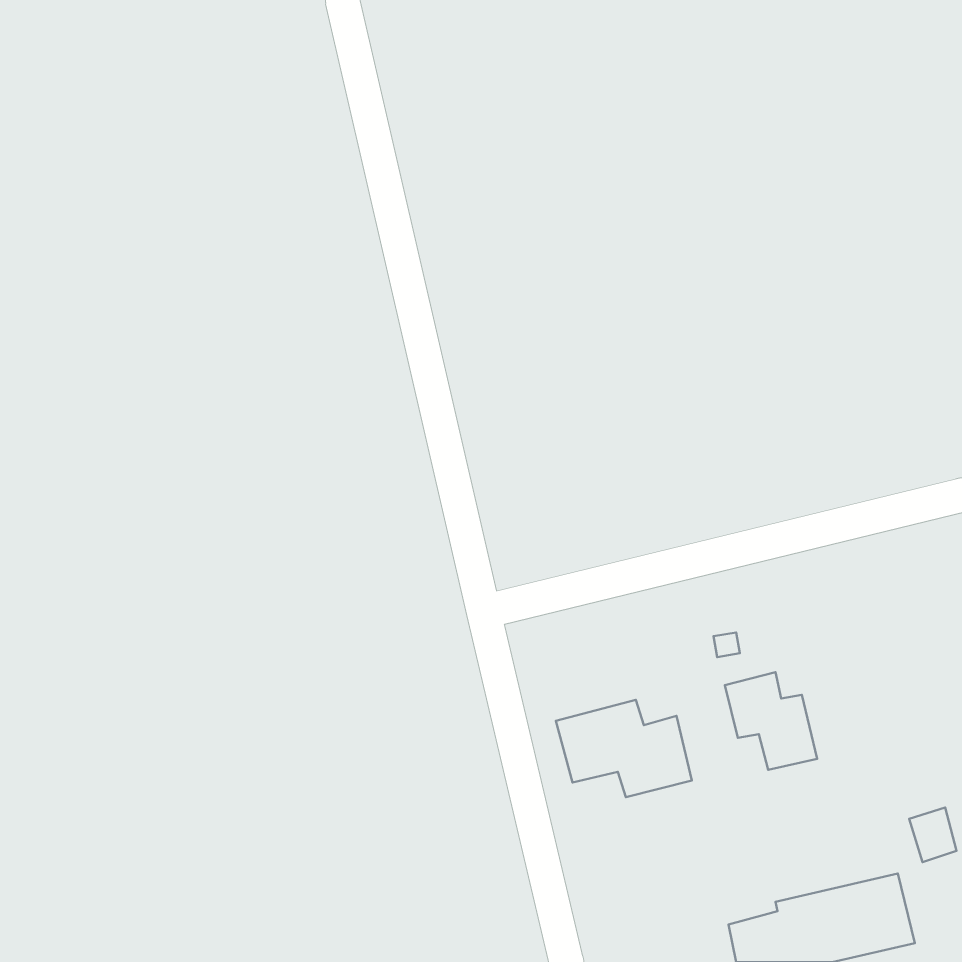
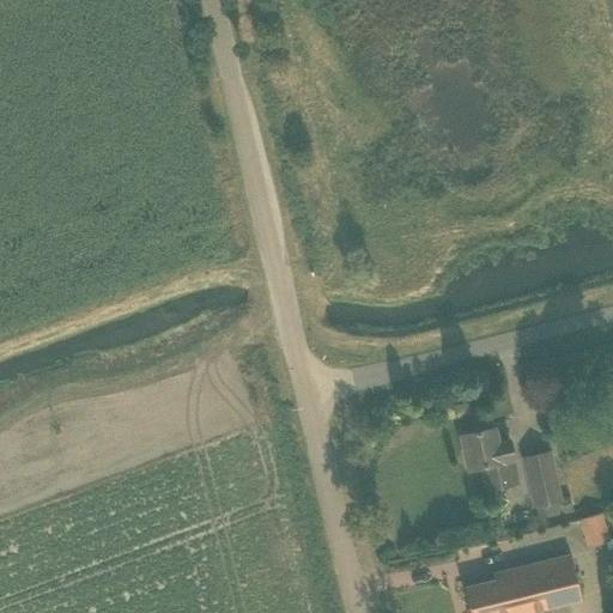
building: [556,700,692,797] -> none
building: none -> [522,451,572,521]

